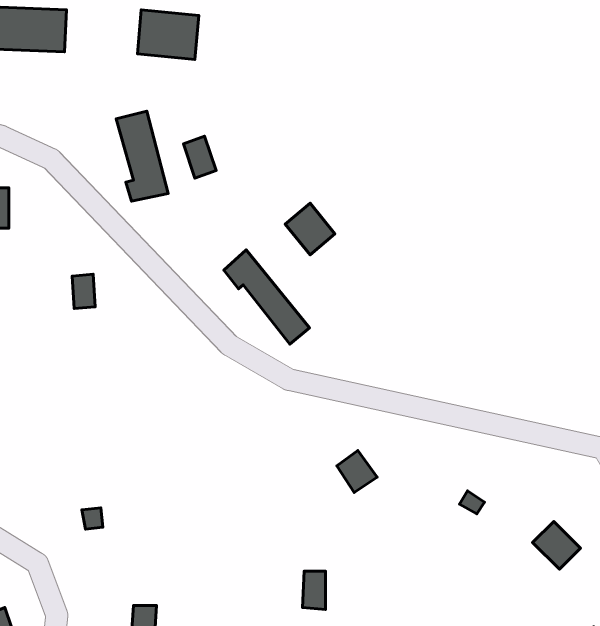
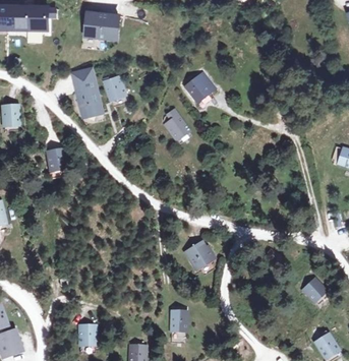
building: none -> [183,72,215,103]
building: [224,250,310,344] -> none

